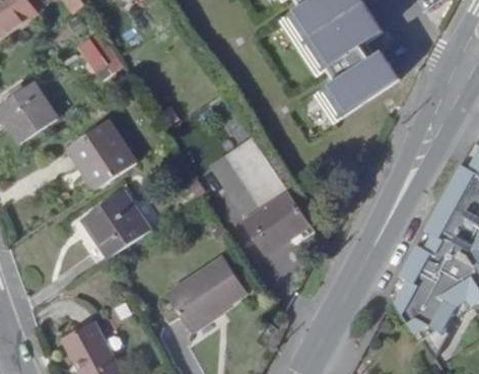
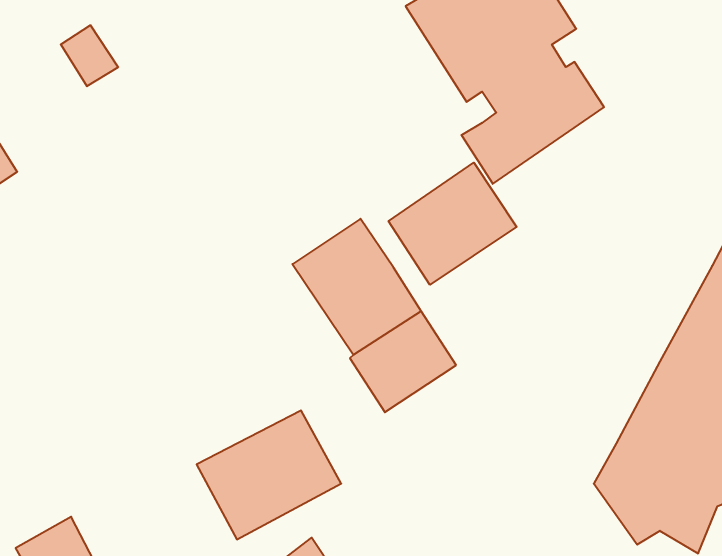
building: none -> [389,163,517,285]
building: [71,120,138,188] -> none
building: [82,189,149,257] -> none

